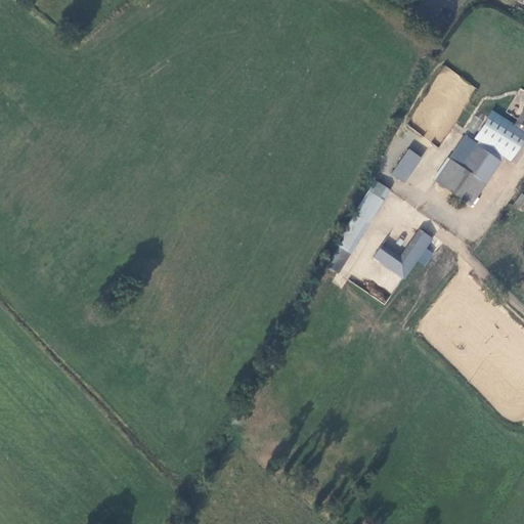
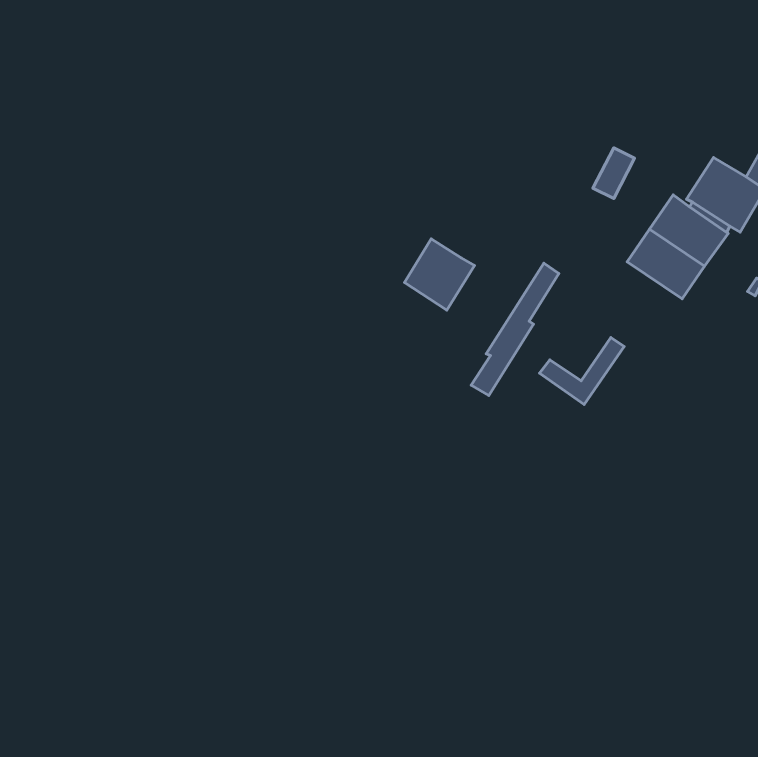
building: [393,146,422,181] -> [593,148,634,198]
building: none -> [405,239,475,310]

